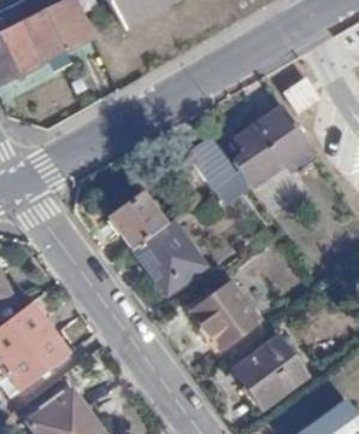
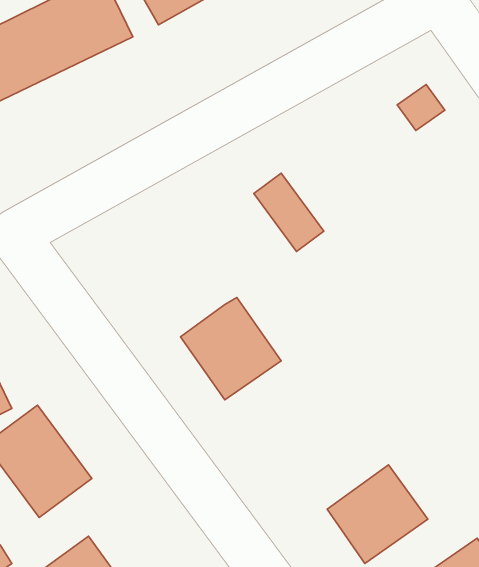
building: [222,105,310,186] -> none
building: [111,197,165,252] -> none
building: [193,288,258,354] -> none

